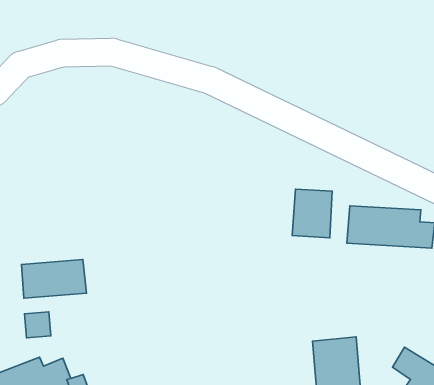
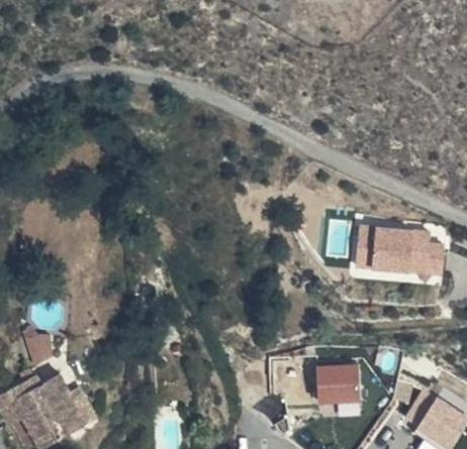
building: [292,189,332,238] -> none
building: [22,259,86,298] -> none

